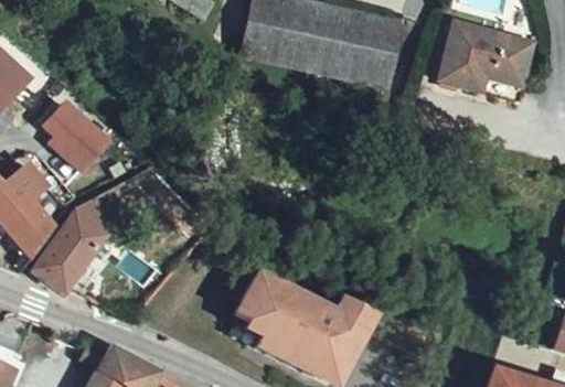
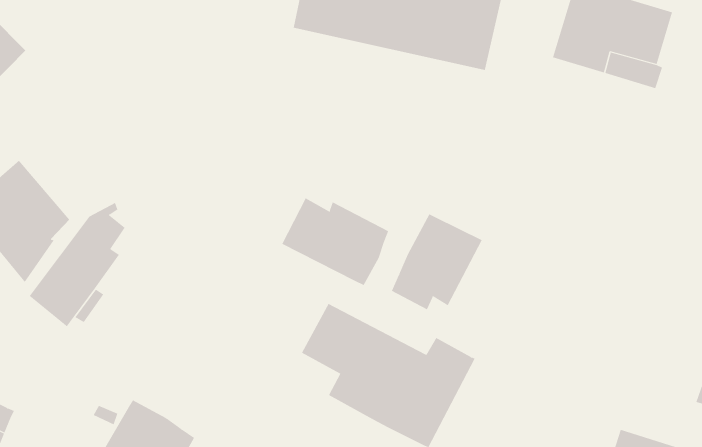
building: [41,94,114,170] -> none
building: none -> [281,198,389,286]
building: none -> [391,214,483,310]

